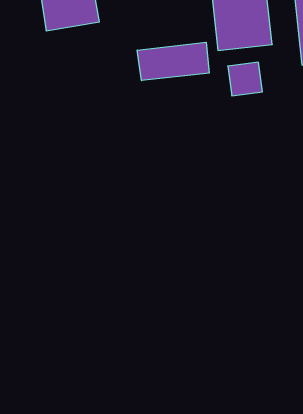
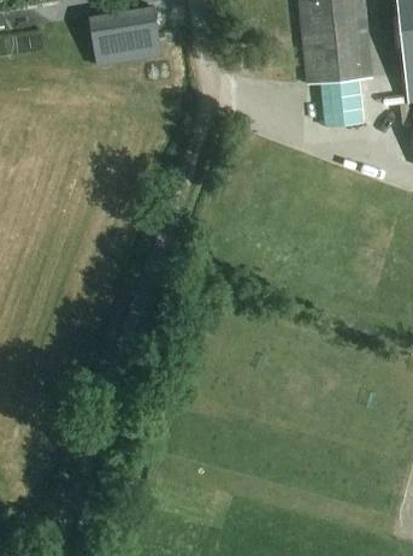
building: [137,42,209,81] -> none

